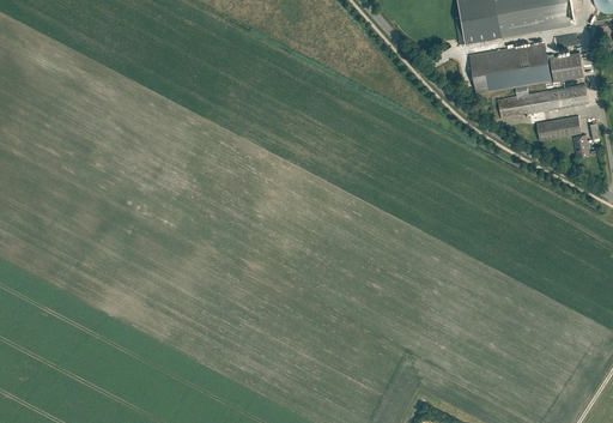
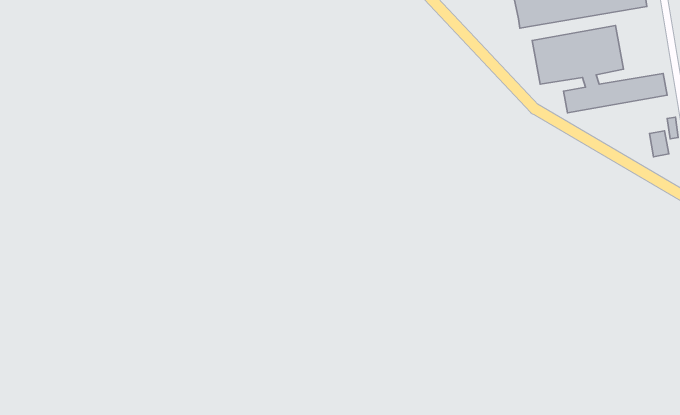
building: [550,52,584,81] -> none
building: [536,116,582,140] -> none

